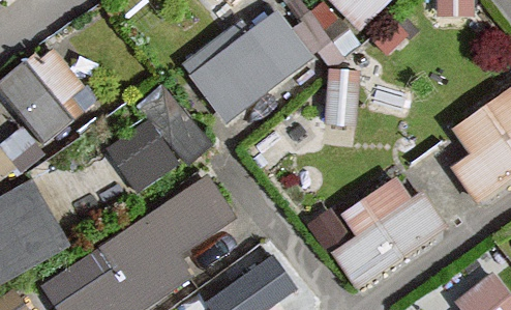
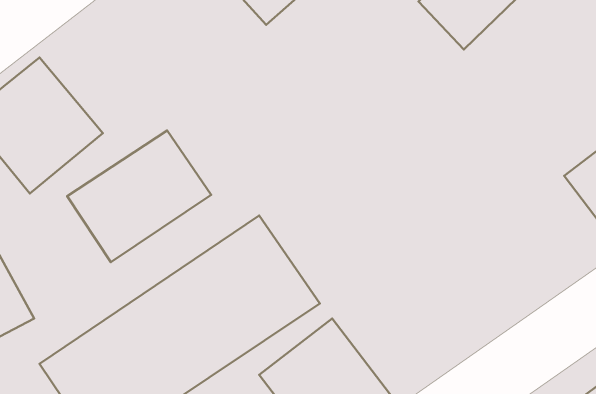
building: [190,16,312,128] -> none
building: [321,179,443,289] -> none

